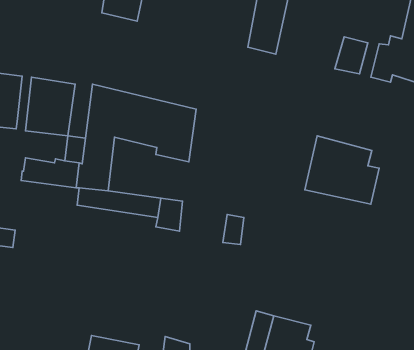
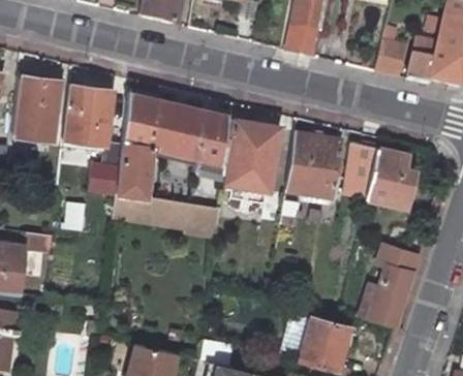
building: none -> [227,122,279,194]
building: none -> [285,132,342,195]
building: none -> [369,252,418,330]

